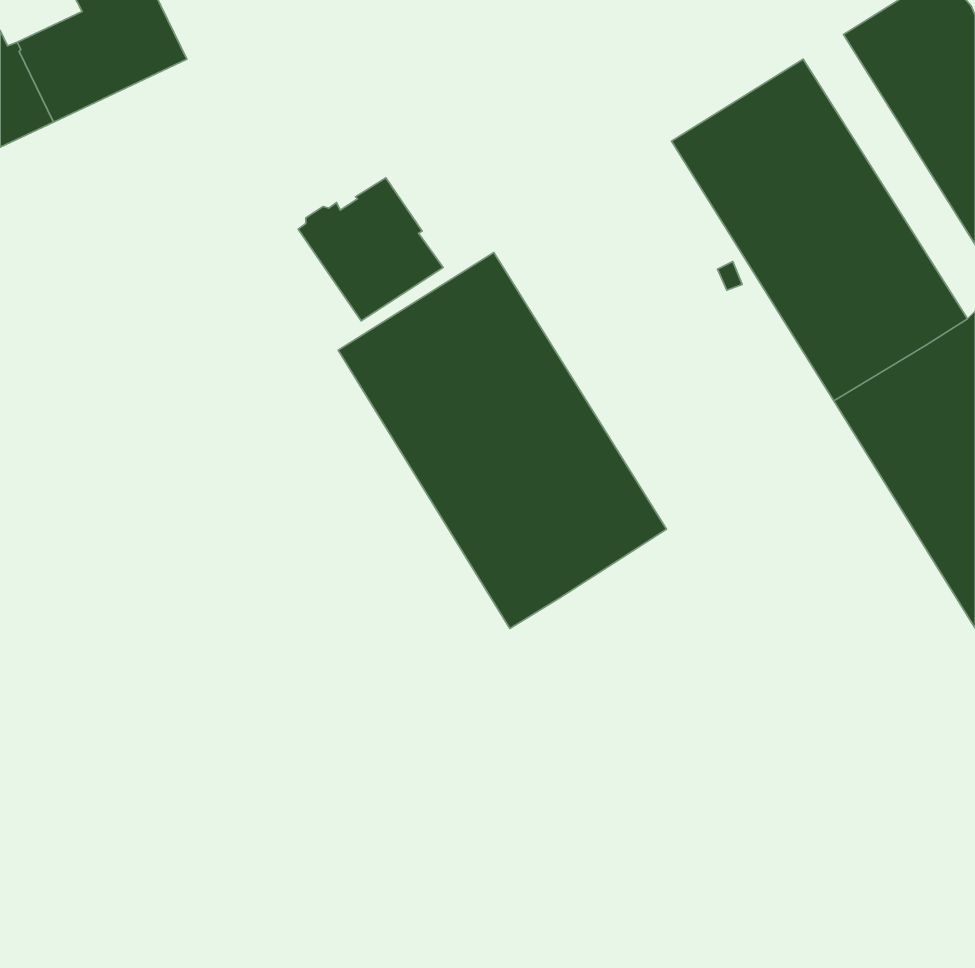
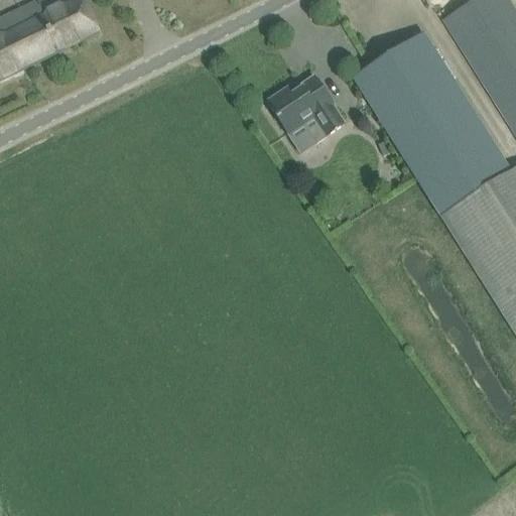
building: [298,178,443,321] -> [269,75,346,150]
building: [338,253,666,629] -> none

